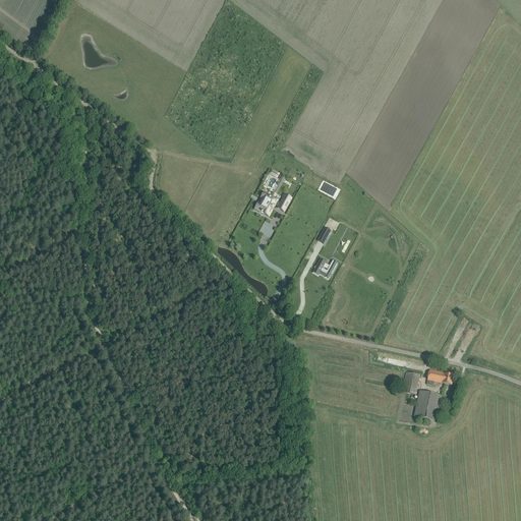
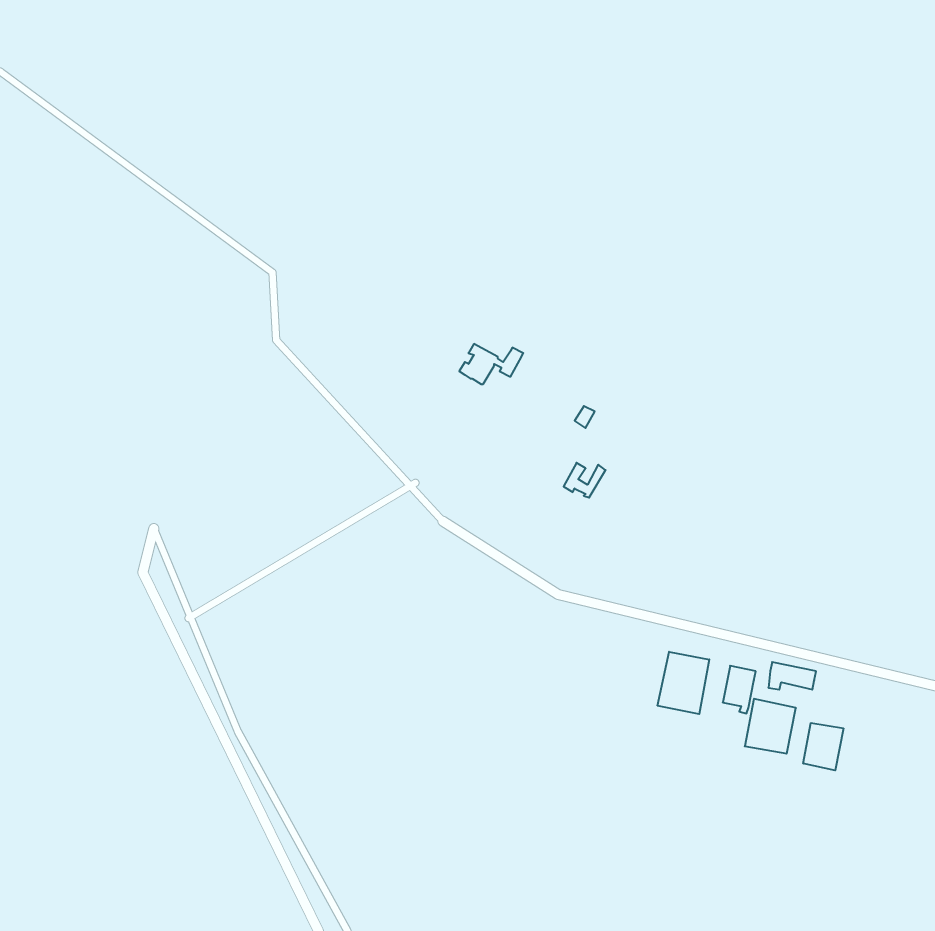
building: none -> [658,652,709,714]
building: none -> [803,723,843,770]

